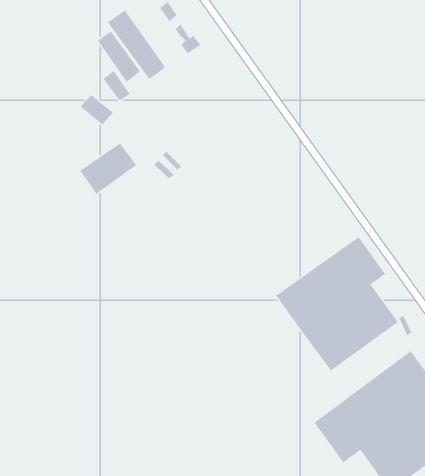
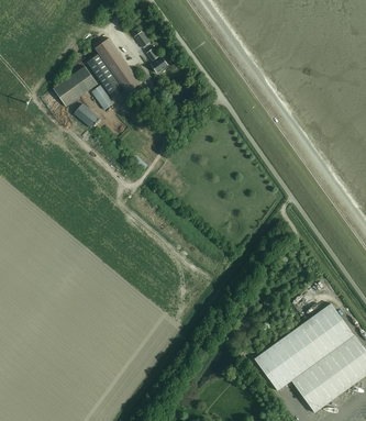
building: [79,142,137,195] -> [53,66,98,107]
building: [275,236,399,372] -> none

